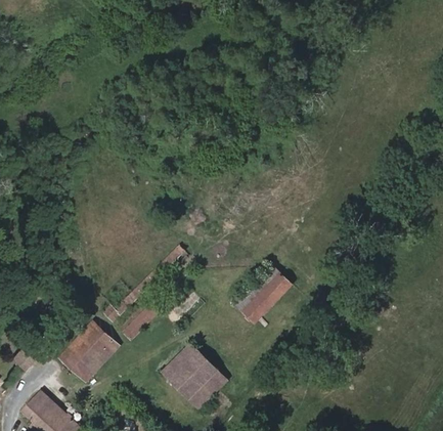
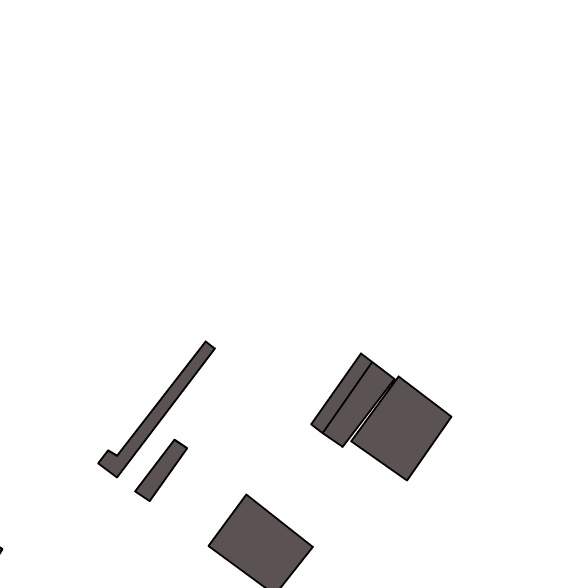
building: none -> [351,376,451,480]
building: [59,321,118,381] -> none

